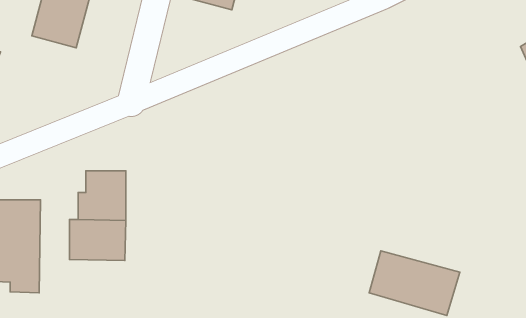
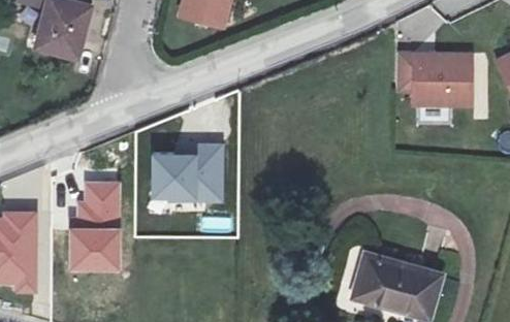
building: none -> [397,52,473,103]
building: none -> [149,142,226,203]

